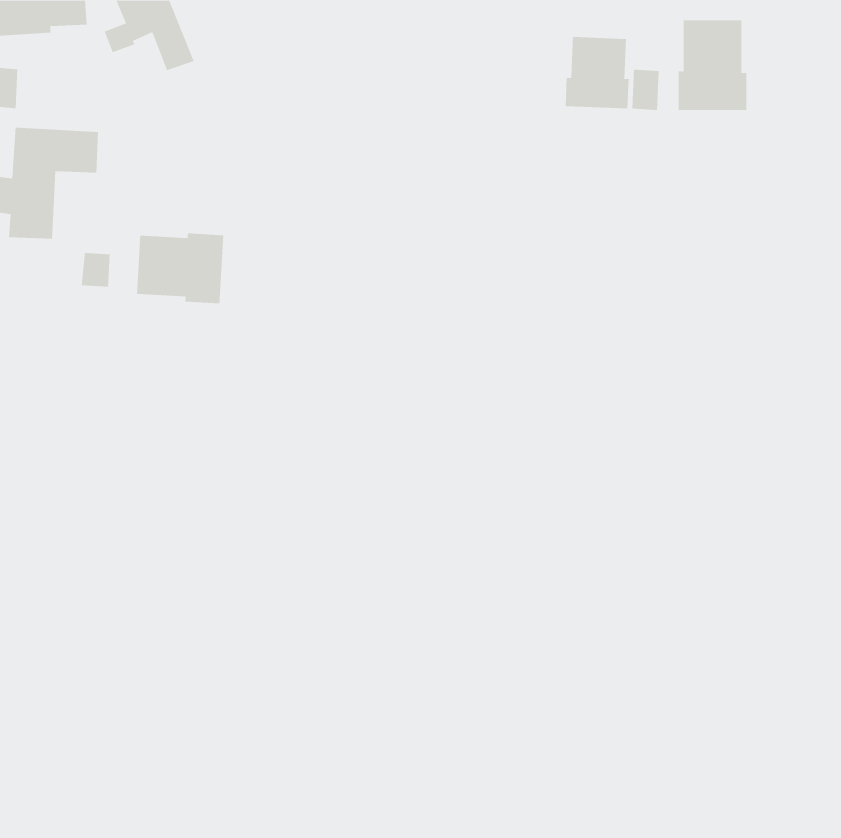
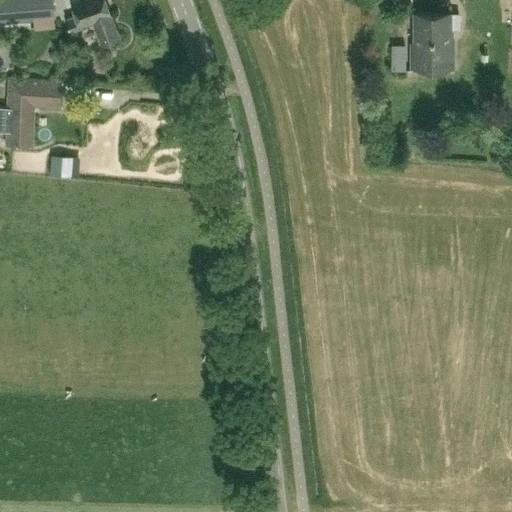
building: [565,36,629,109] -> none
building: [136,233,224,304] -> none

